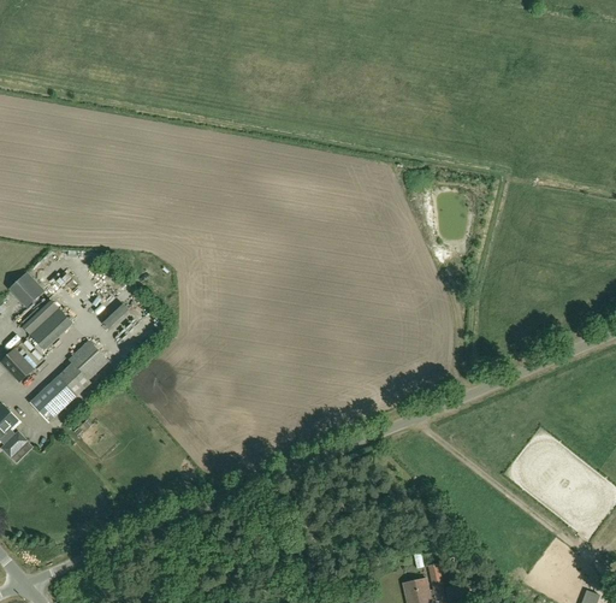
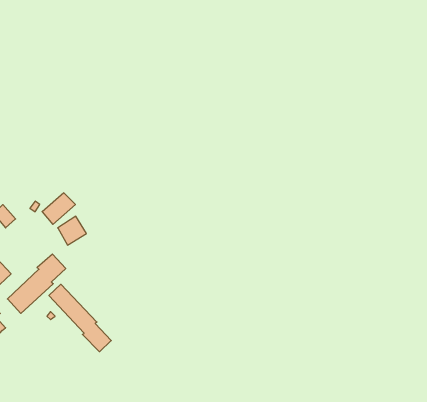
building: [29,307,73,349] -> [42,193,75,224]
building: none -> [49,284,111,352]

